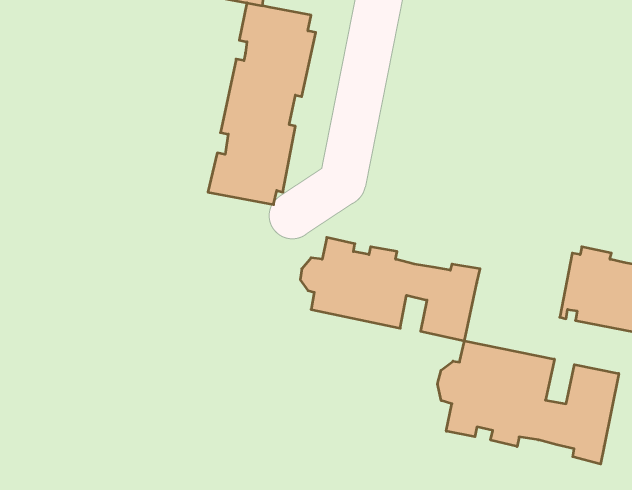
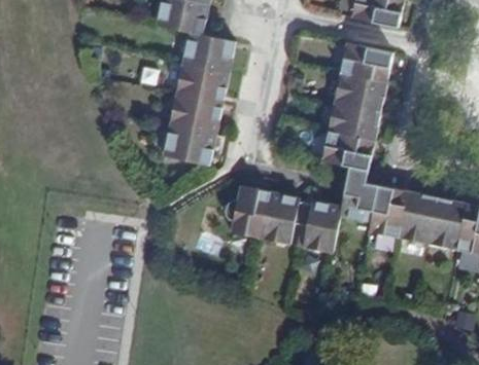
building: none -> [323,44,403,238]
building: [438,341,619,464] -> none

